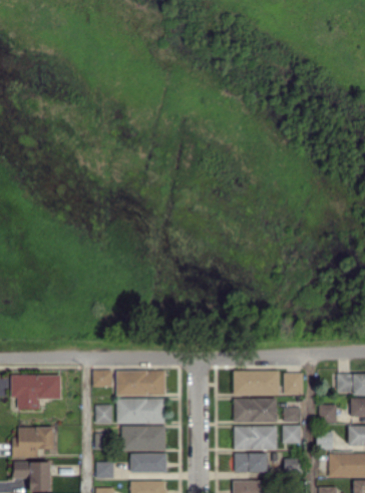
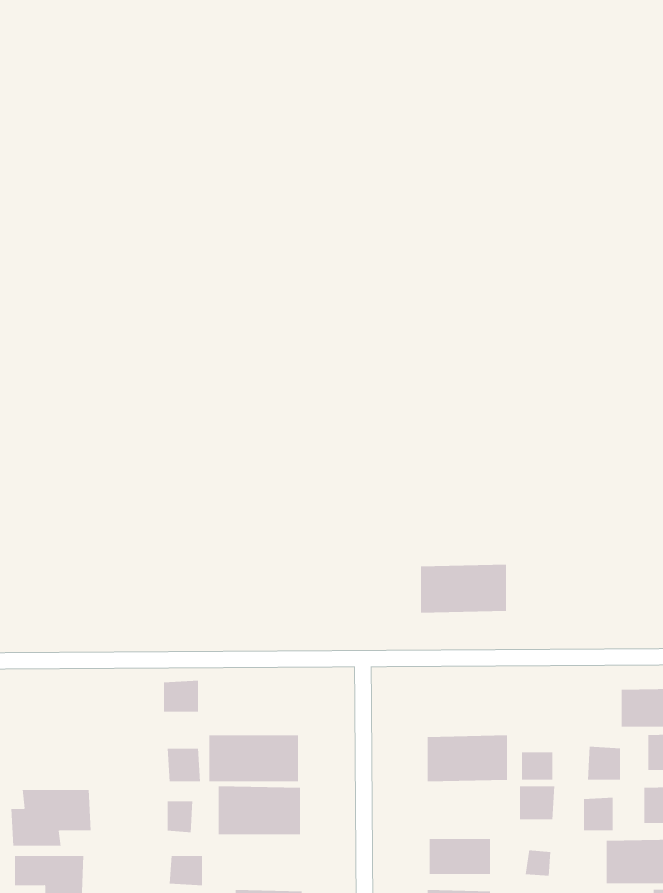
building: [117,370,166,396] -> none
building: [234,370,280,396] -> [420,564,507,613]
building: [284,372,304,395] -> none
building: [12,374,61,410] -> none
building: [235,426,278,450] -> none
building: [131,453,167,472] -> none

